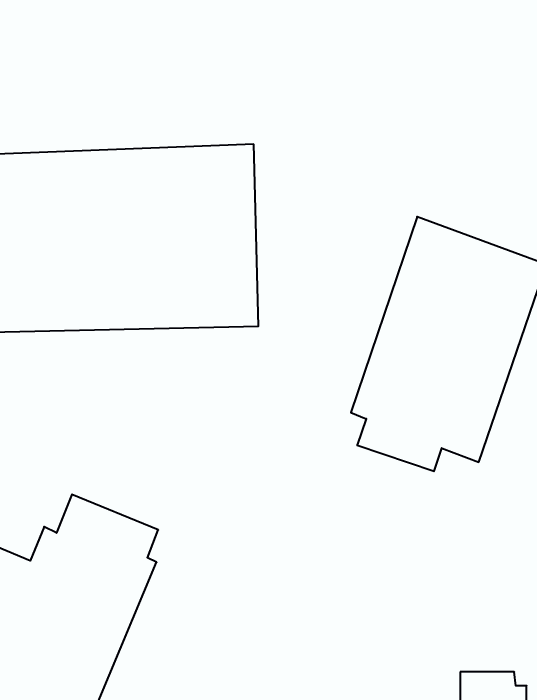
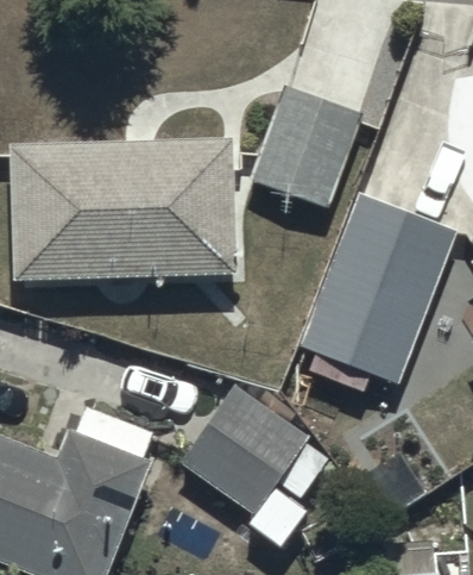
building: none -> [251,86,364,205]
building: none -> [181,389,328,513]

